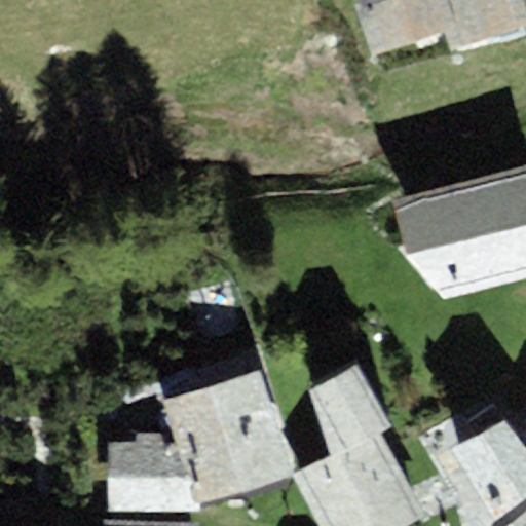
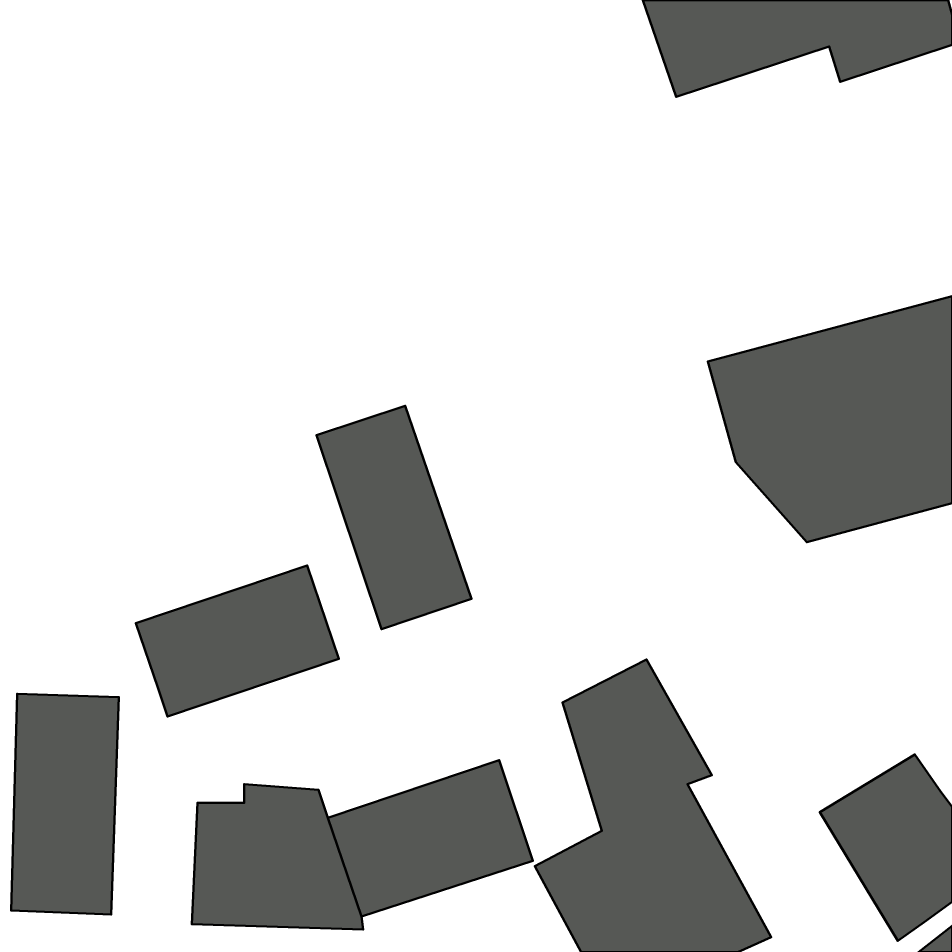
building: none -> [317,406,471,629]
building: [163,368,275,451] -> [136,566,339,716]
building: none -> [11,694,119,915]

